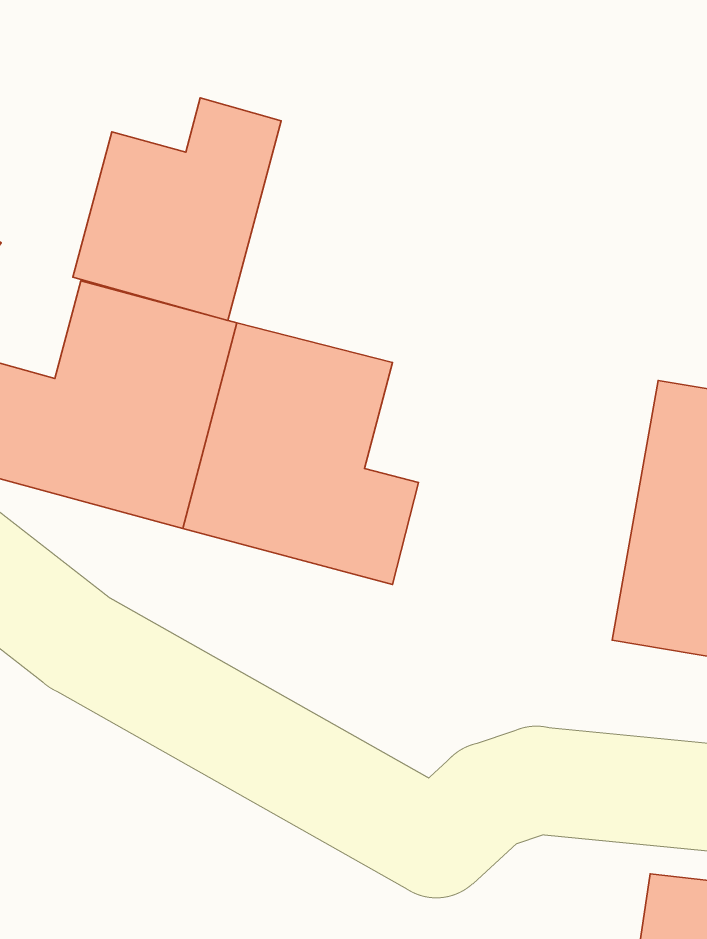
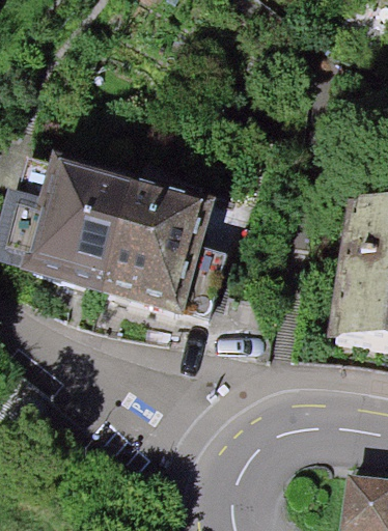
building: [73,98,281,320] -> none

